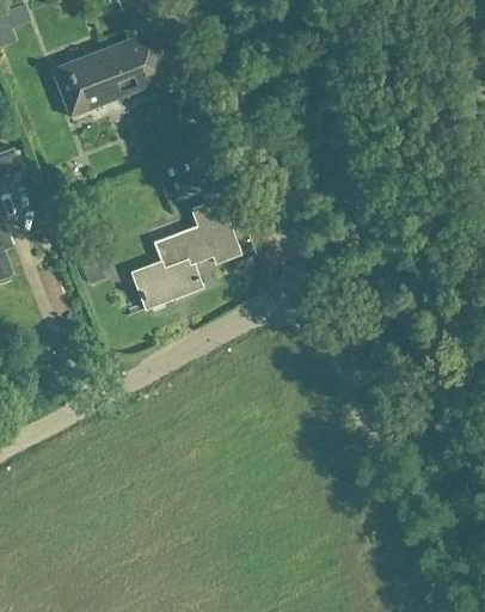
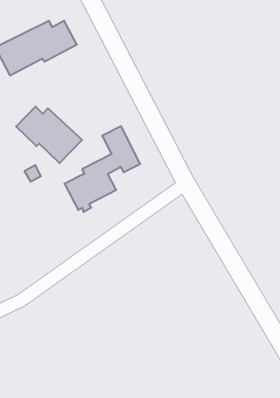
building: none -> [16,106,82,163]

